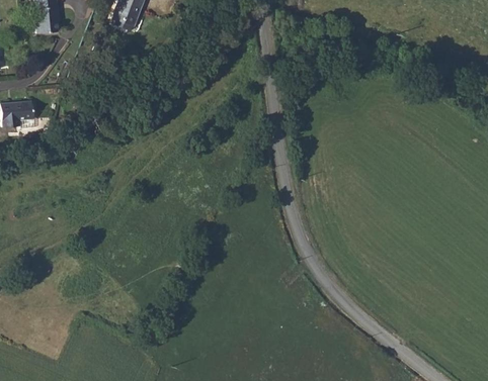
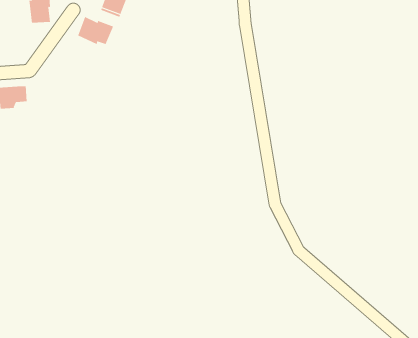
building: none -> [78,16,114,45]

